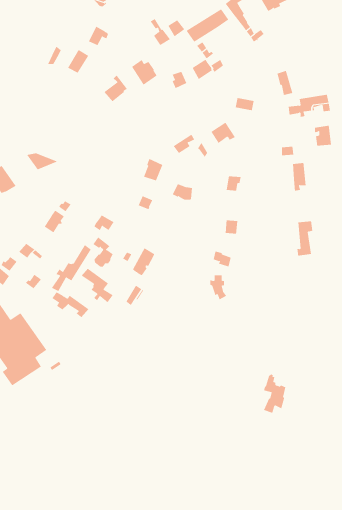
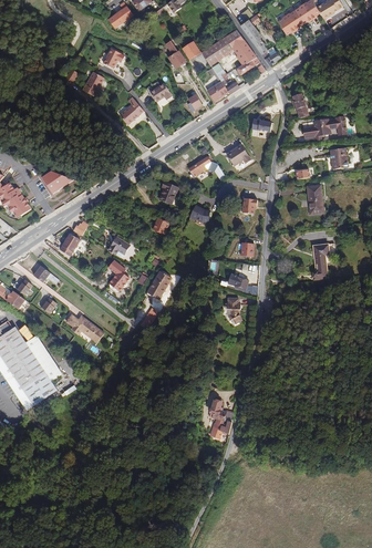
building: none -> [234,41,260,75]
building: [51,244,91,292] -> none
building: [81,268,114,303] -> none
building: [263,374,286,414] -> [209,399,232,438]

